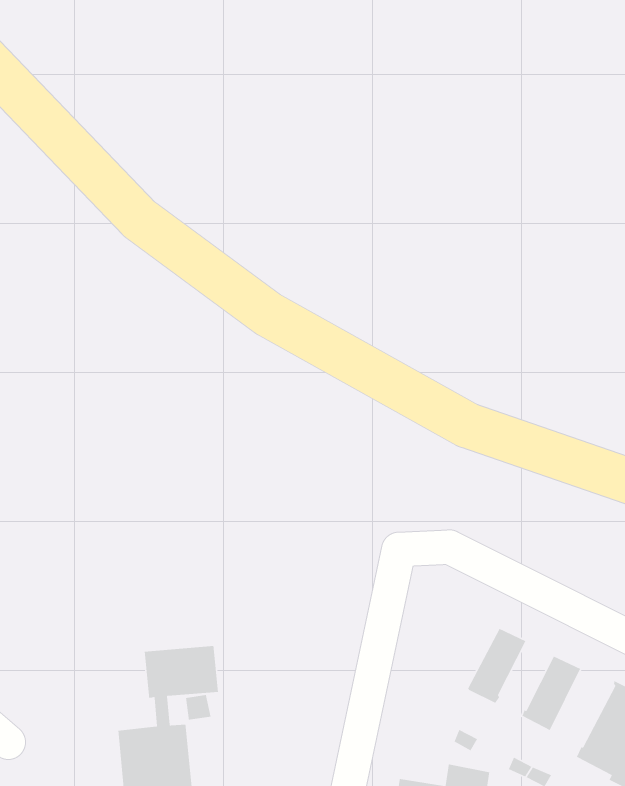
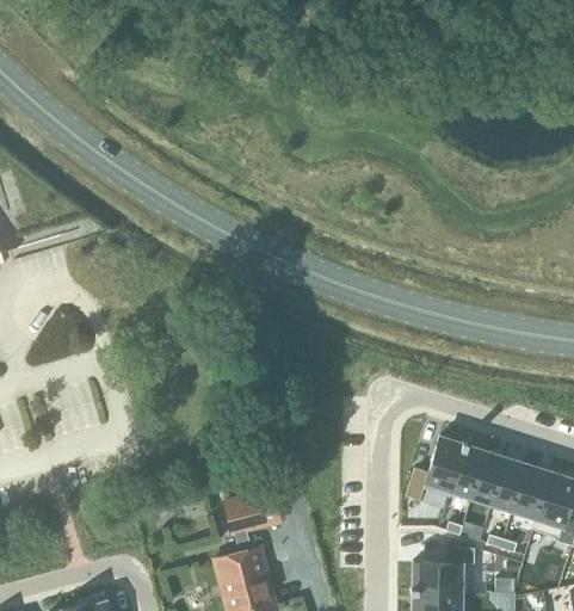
building: none -> [407,434,469,499]
building: none -> [474,452,507,500]
building: none -> [513,465,553,519]

